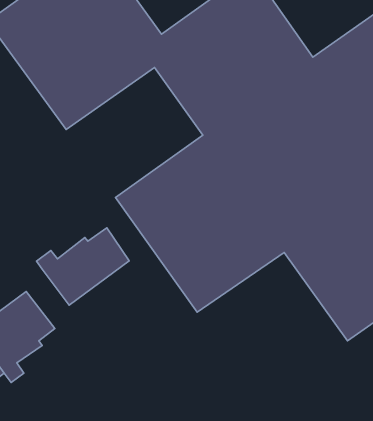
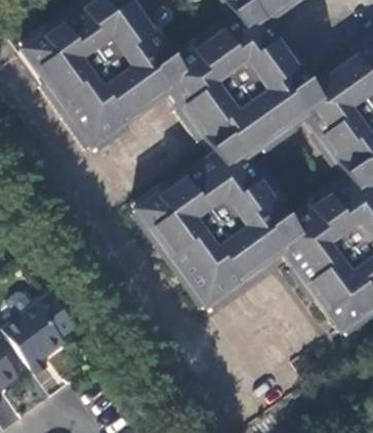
building: [36,228,129,305] -> none

